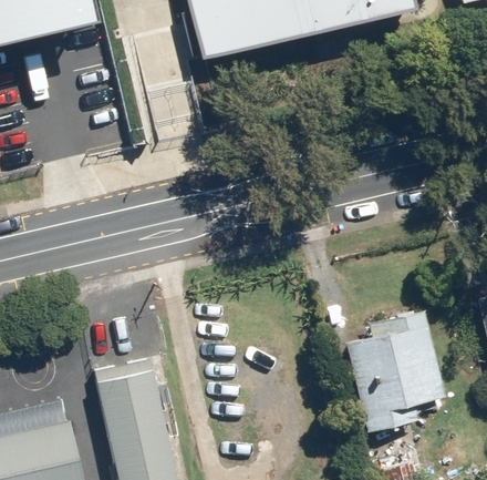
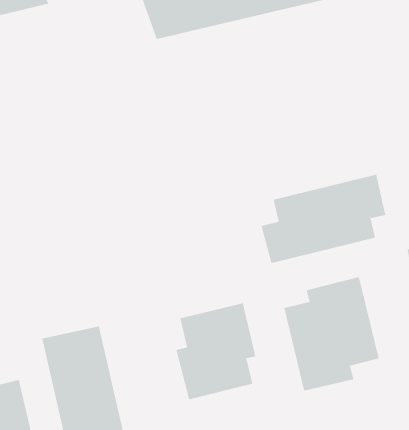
building: none -> [261,174,386,264]
building: none -> [176,302,256,400]

